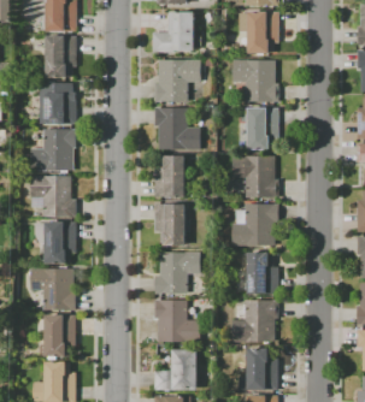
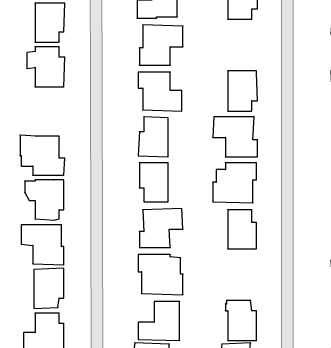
building: [232,60,278,101] -> none
building: [29,129,75,170] -> none
building: [231,300,277,342] -> none

